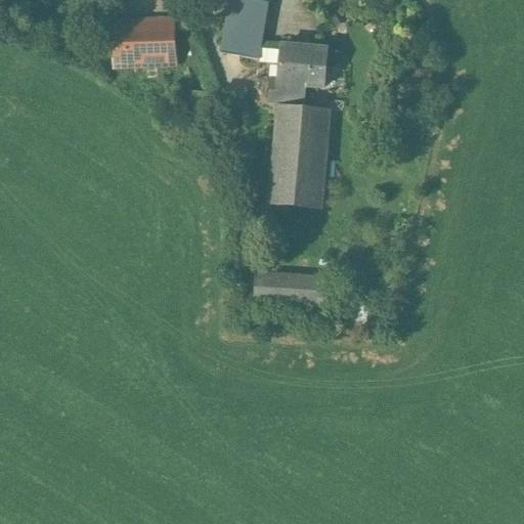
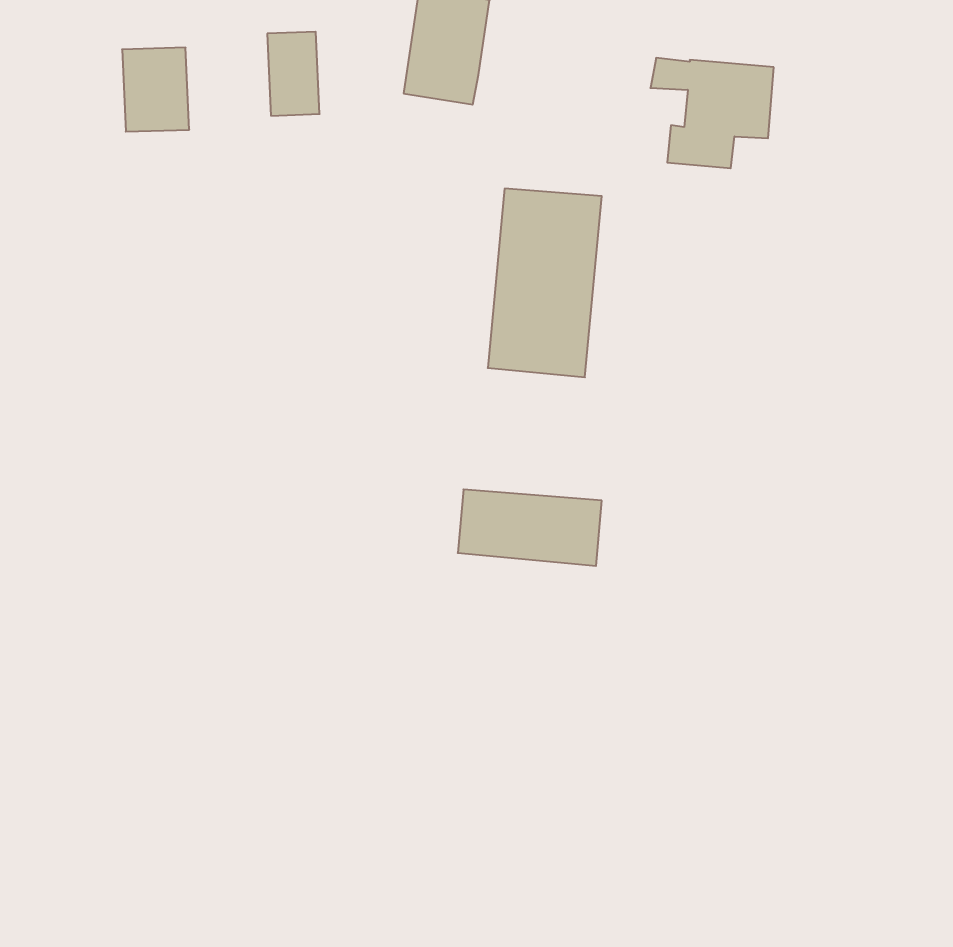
building: [112,18,148,64] -> [122,48,189,132]
building: [259,41,326,101] -> [650,58,774,168]

